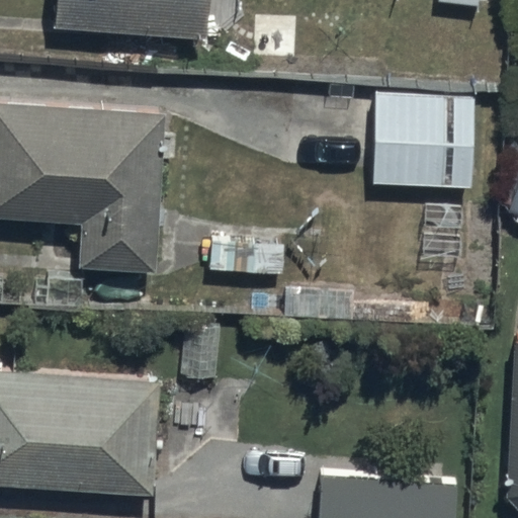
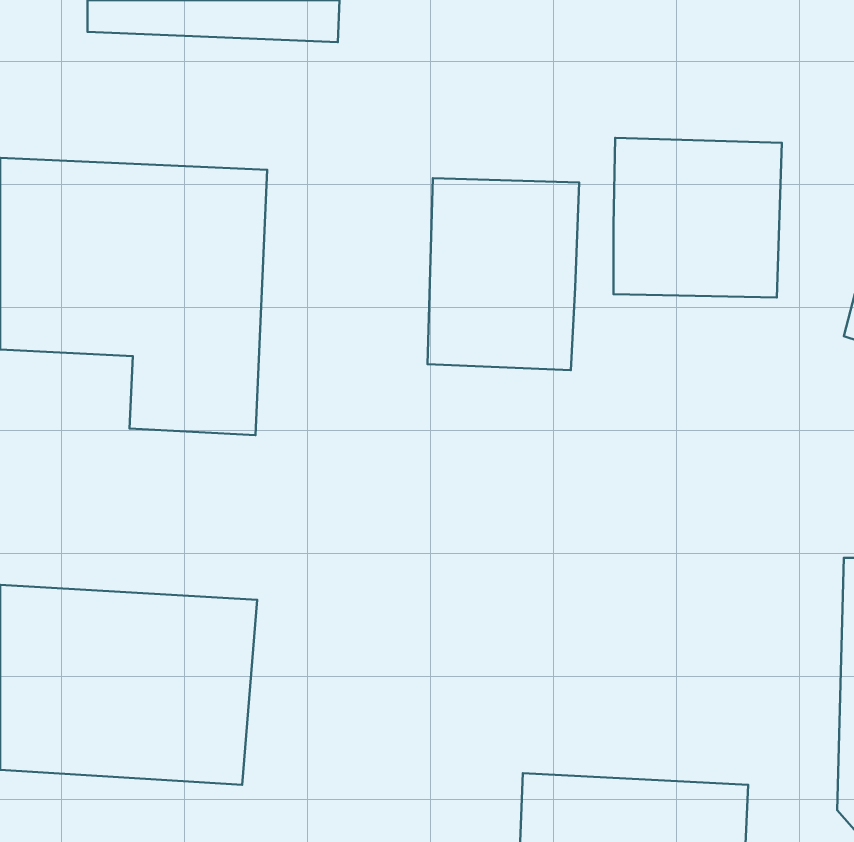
building: none -> [428,178,579,370]

